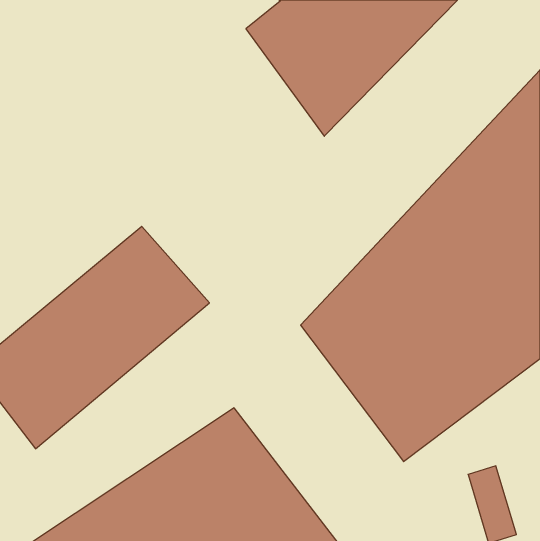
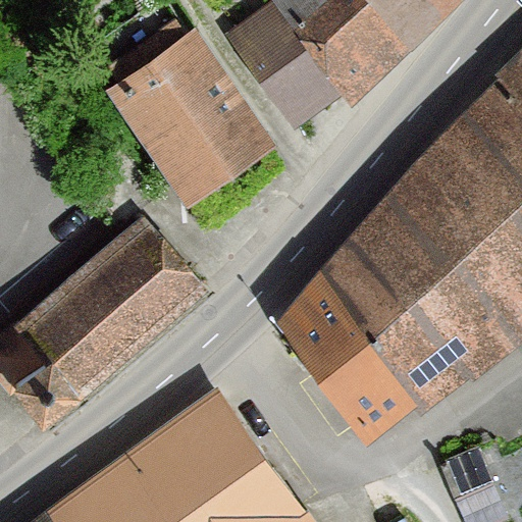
building: none -> [103,20,263,189]

